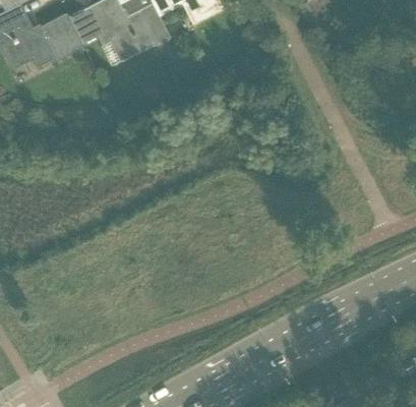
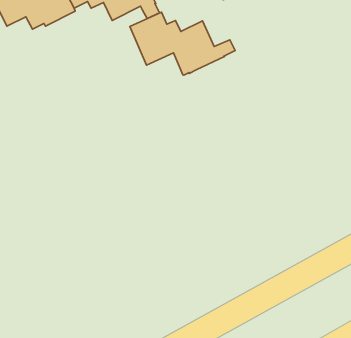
building: none -> [130,12,235,75]

